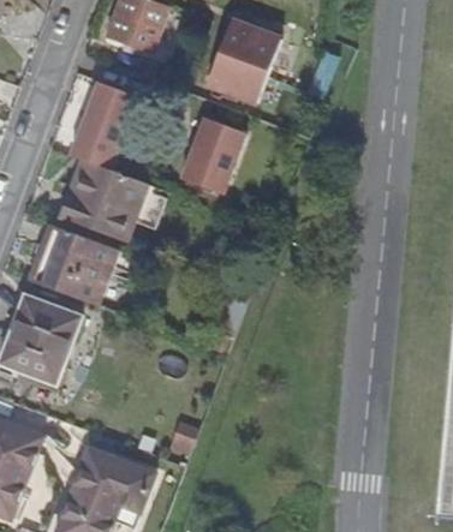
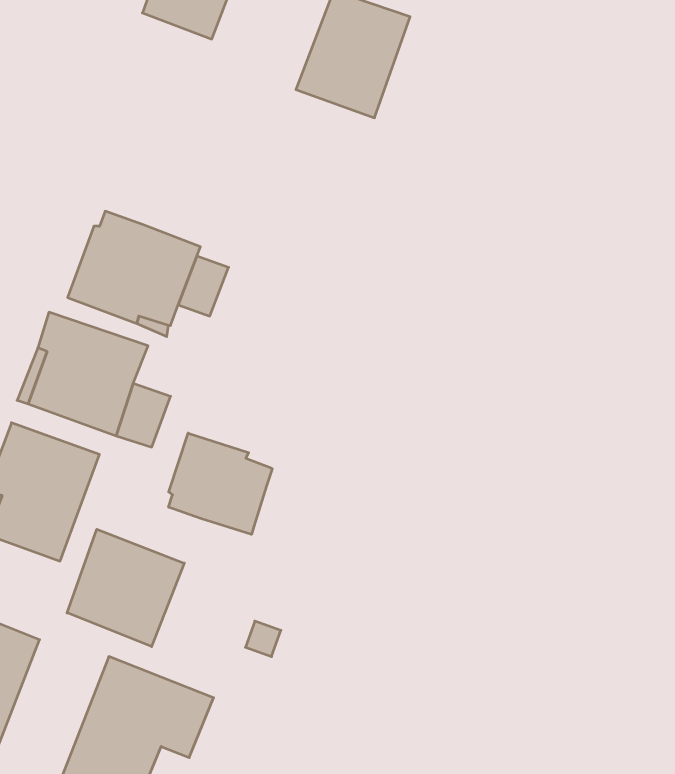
building: [71,89,133,168] -> none
building: [181,116,246,192] -> none
building: none -> [169,433,272,534]
building: none -> [67,529,184,647]

